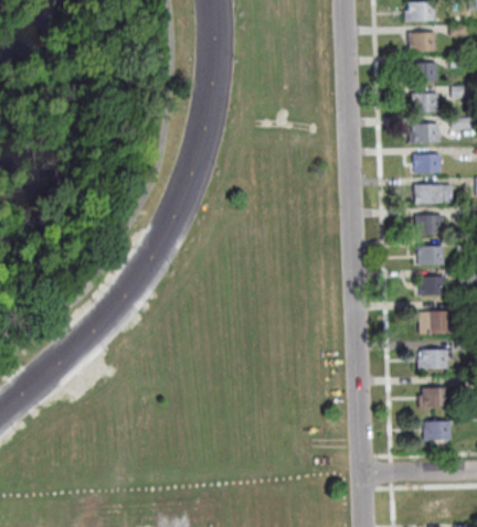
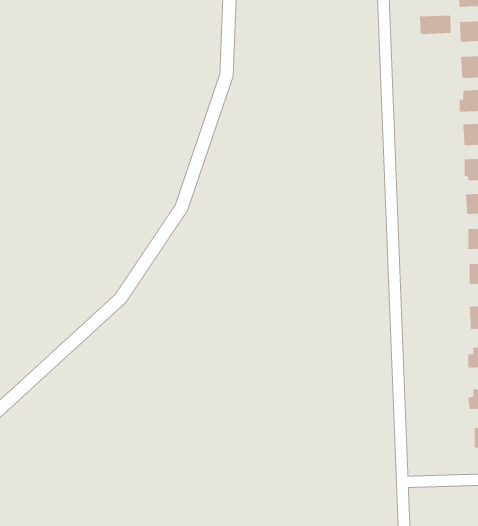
building: none -> [419,15,452,35]

